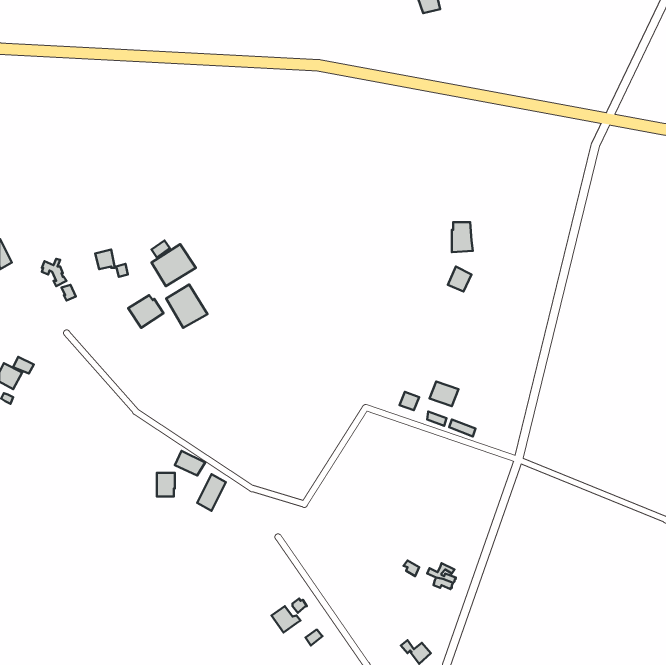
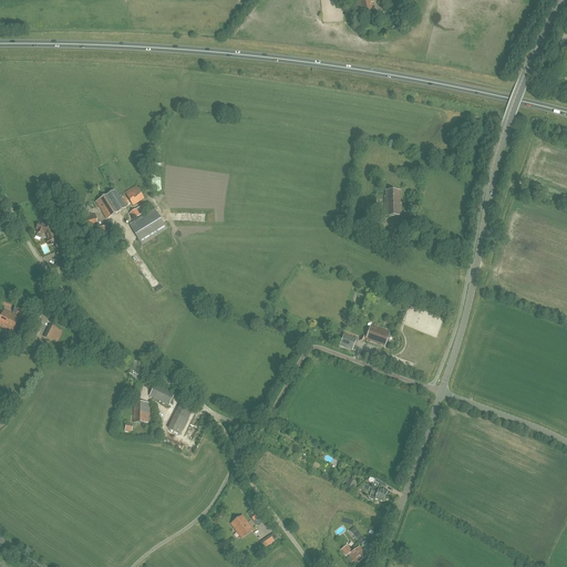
building: [166,284,207,328] -> none
building: [128,295,163,328] -> [95,189,125,217]

